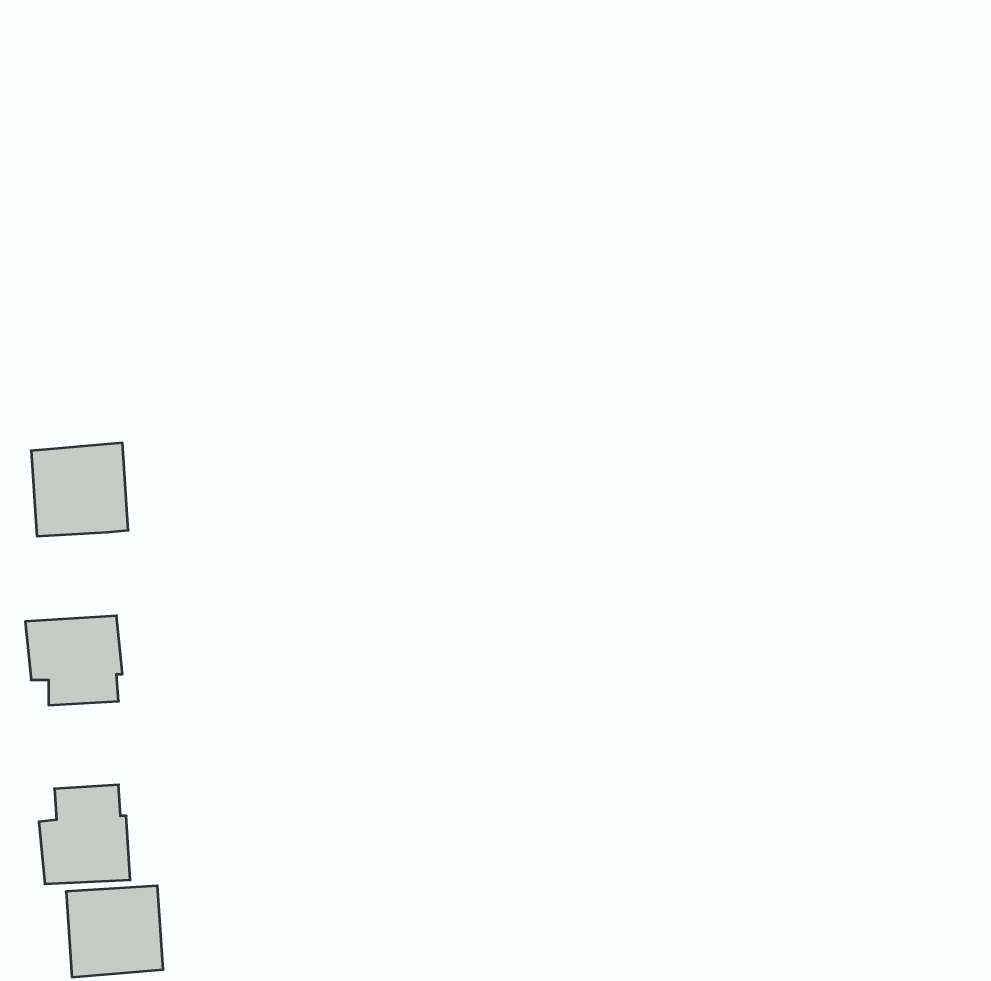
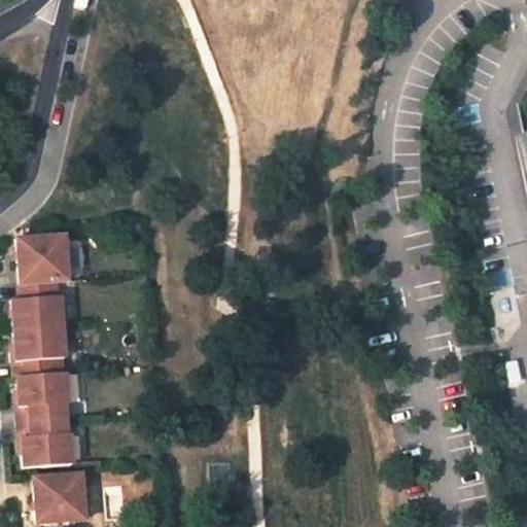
building: none -> [12,282,63,329]
building: none -> [17,372,66,418]

